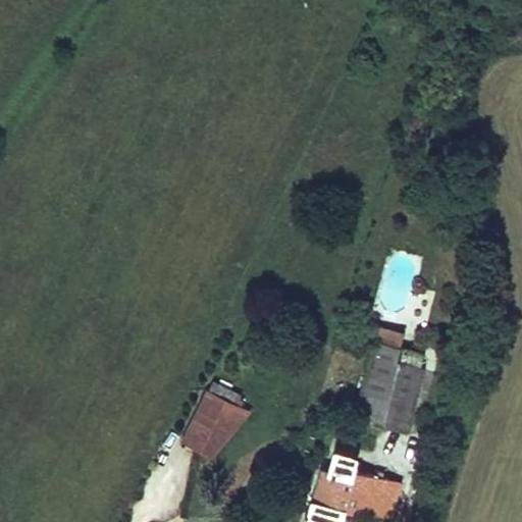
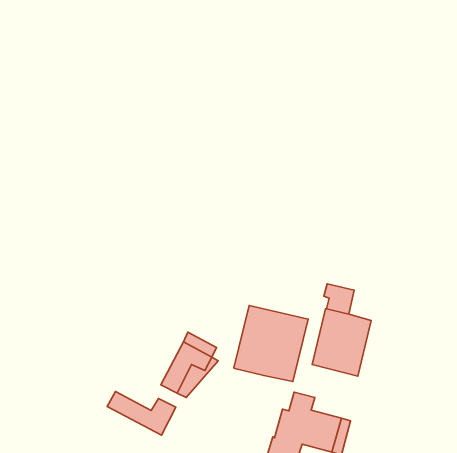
building: none -> [234,305,308,382]
building: none -> [107,391,176,435]

